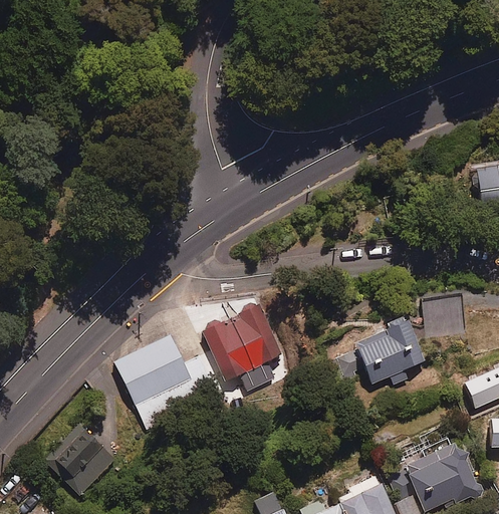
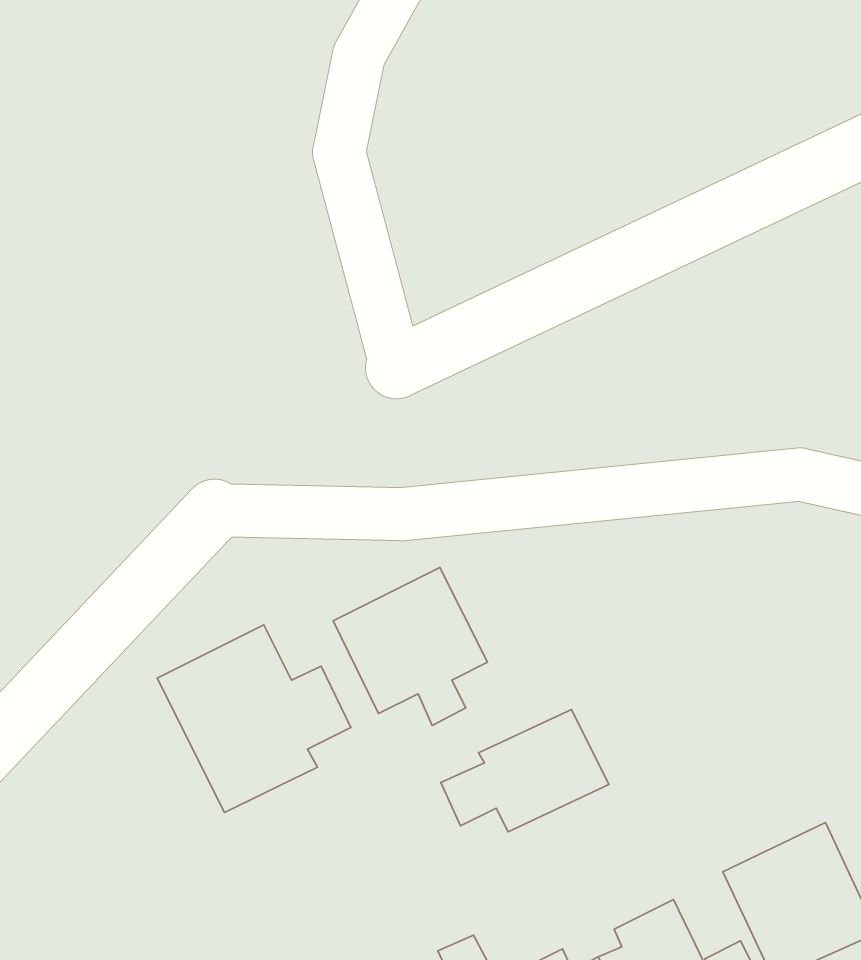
building: [426,296,466,335] -> none
building: [338,322,424,384] -> [441,709,609,832]
building: [45,425,115,495] -> none

